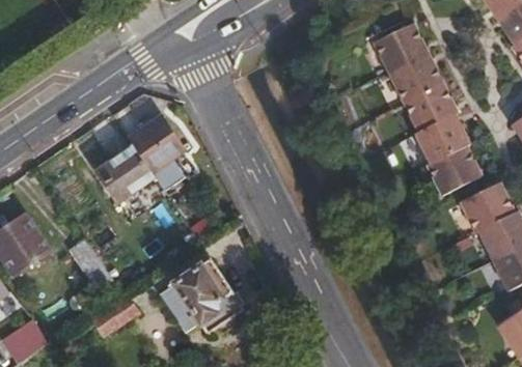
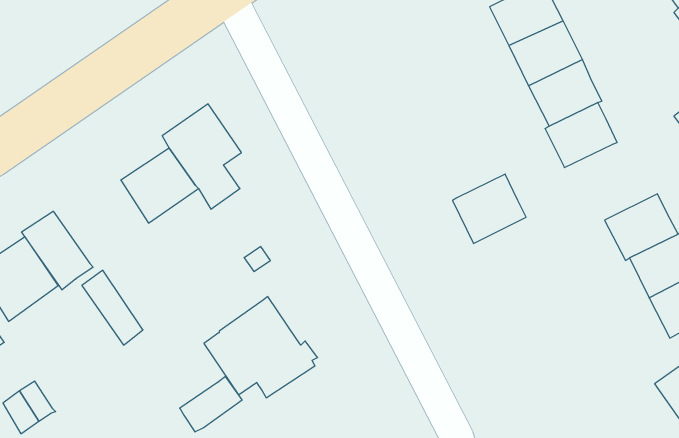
building: [427,144,482,196] -> [453,174,526,243]
building: none -> [22,211,93,290]
building: [92,294,139,336] -> [180,376,242,432]

